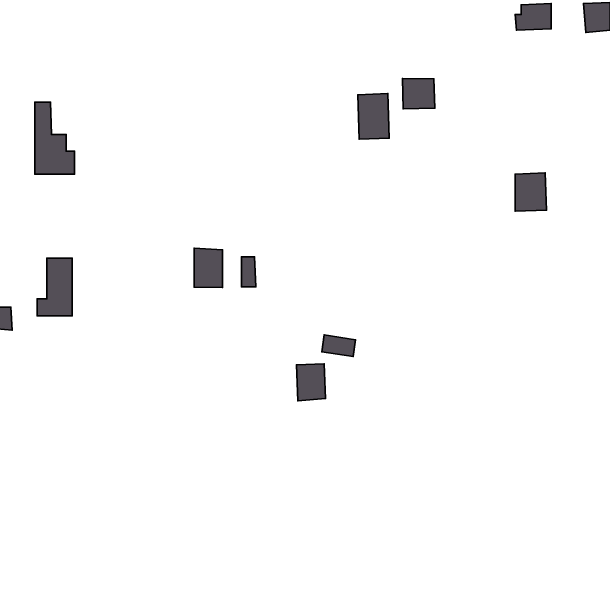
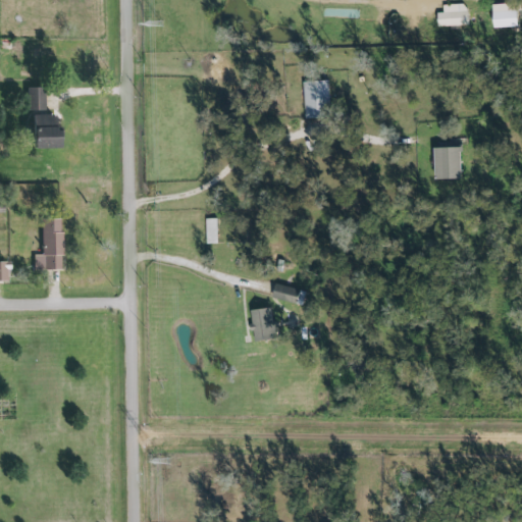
building: [402,79,435,109] -> none
building: [194,248,222,288] -> none

